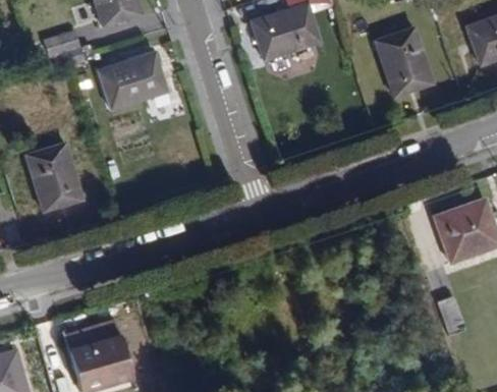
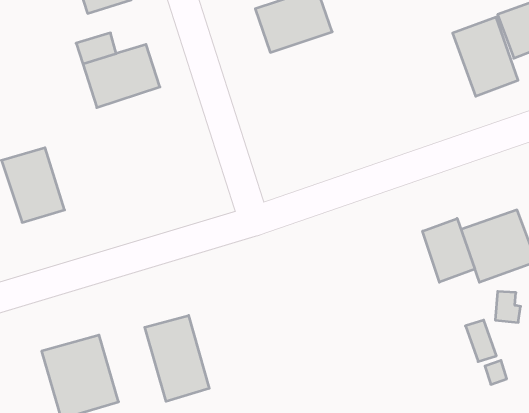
building: [375,27,433,98] -> [453,17,518,96]
building: [45,31,84,67] -> none
building: none -> [423,218,475,282]
building: none -> [145,315,209,401]

